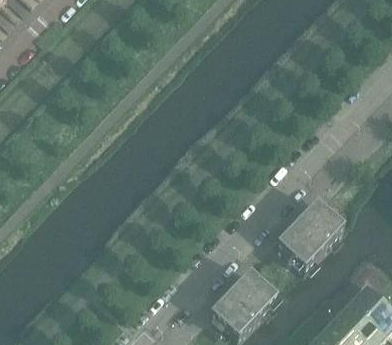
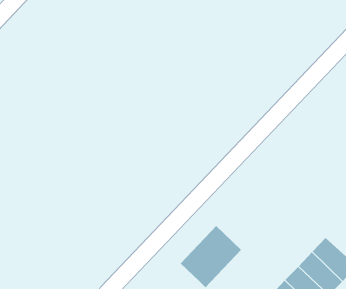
building: [274,200,341,268] -> none

